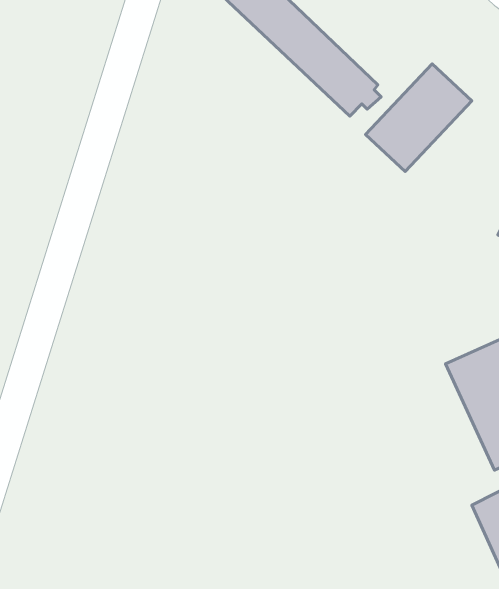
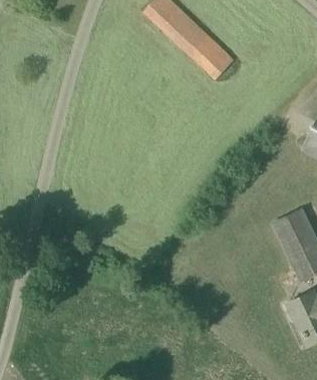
building: [365,64,472,171] -> none

